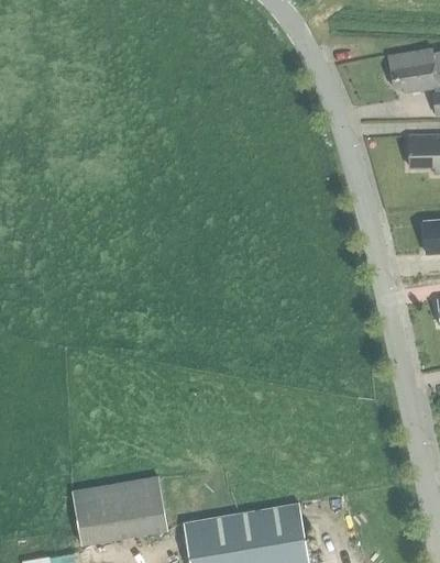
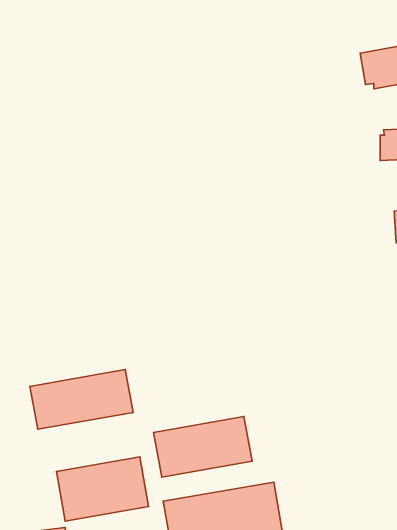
building: none -> [30,370,133,429]
building: none -> [154,416,252,477]

